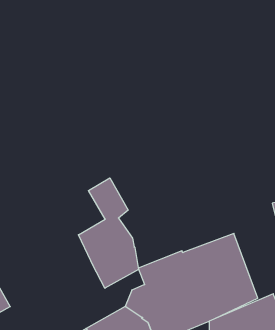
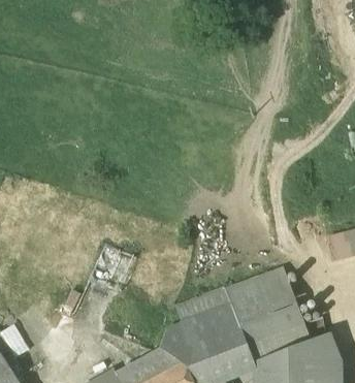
building: [78,178,138,288] -> none

